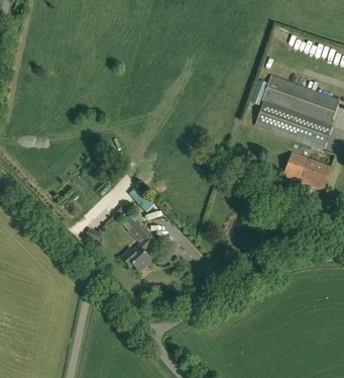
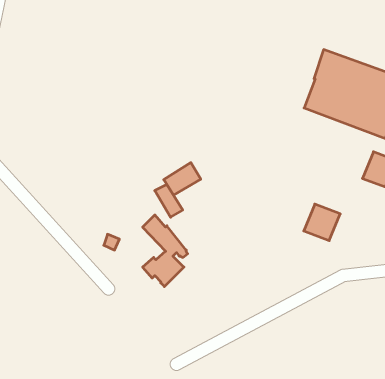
building: [282,152,313,182] -> [304,204,340,241]
building: none -> [164,163,201,195]

